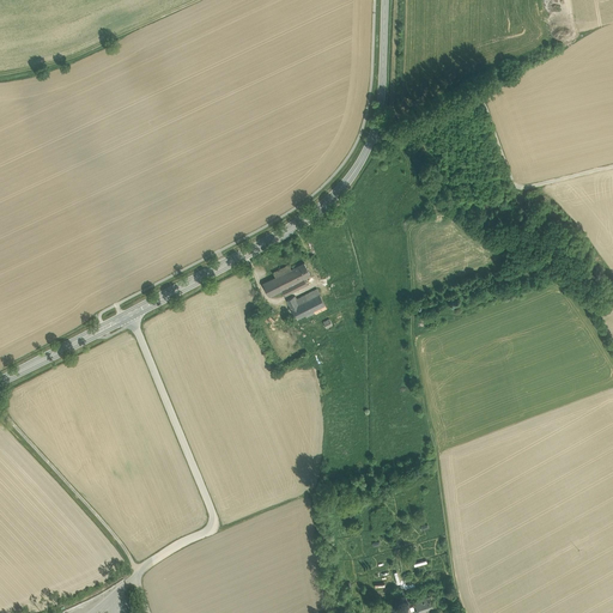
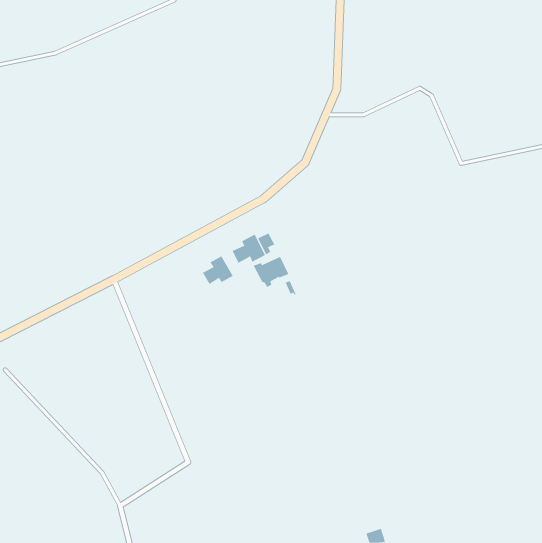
building: none -> [202,256,234,285]

